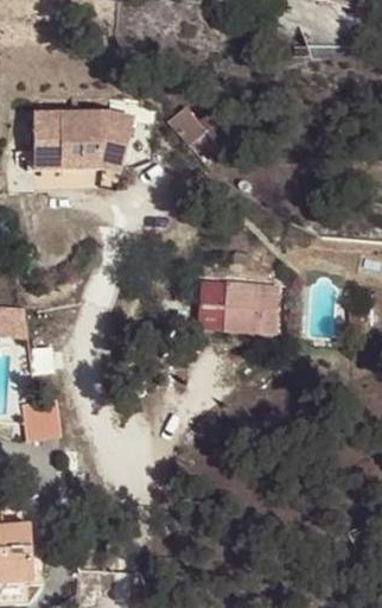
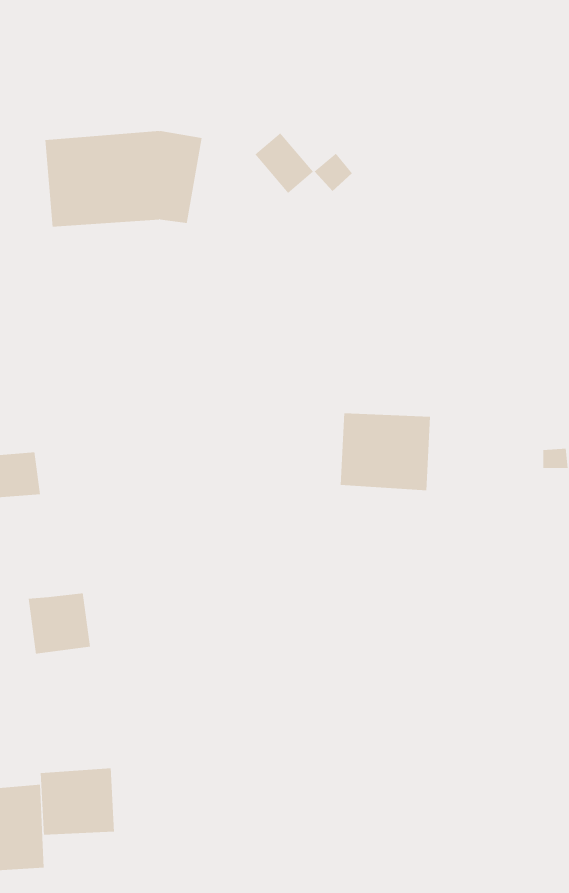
building: [198,283,224,331] -> none
building: none -> [40,768,115,836]

